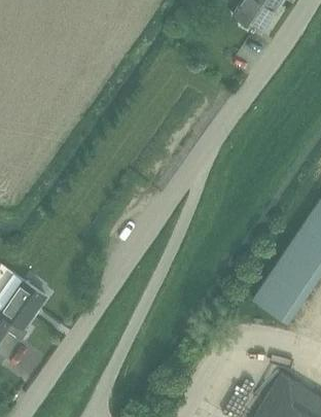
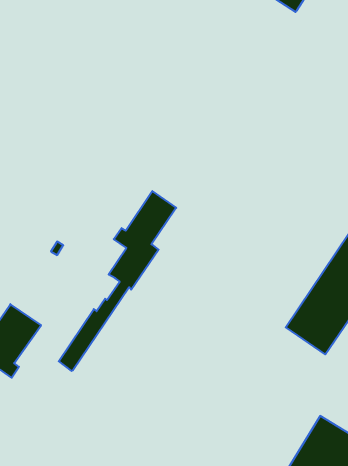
building: none -> [59,191,176,371]

